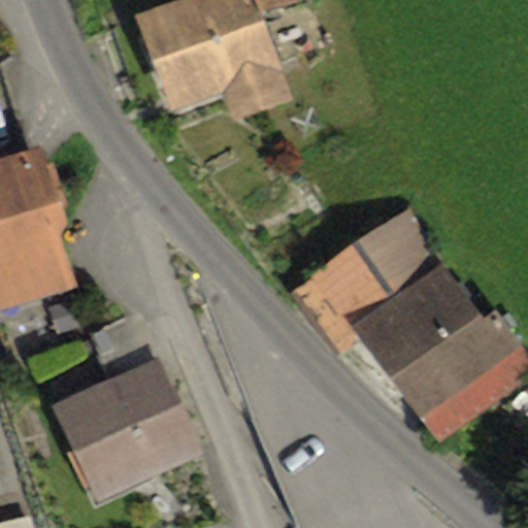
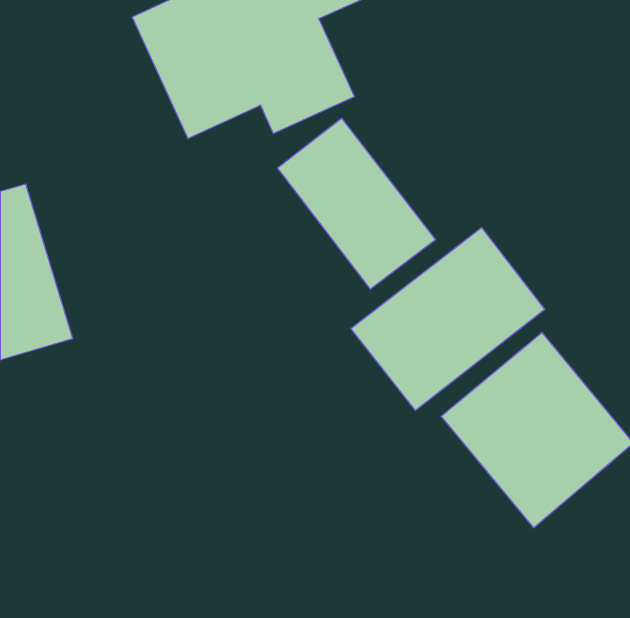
building: none -> [278,118,435,289]
building: [45,364,199,500] -> none

